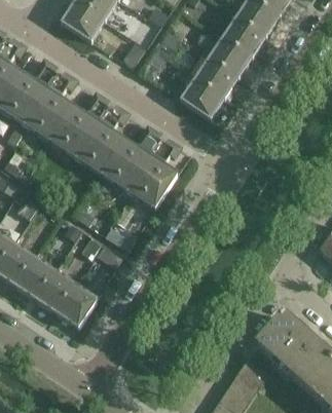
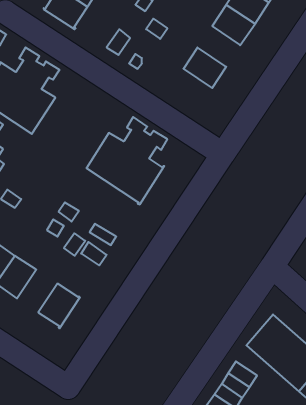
building: [210,37,251,76] -> none
building: [181,78,224,118] -> none
building: [50,91,128,174] -> none
building: [36,271,75,312] -> none

